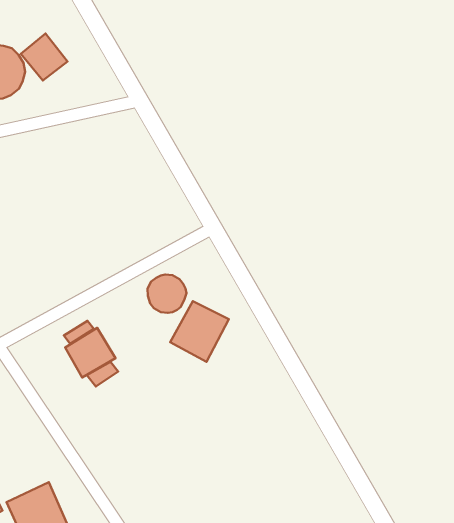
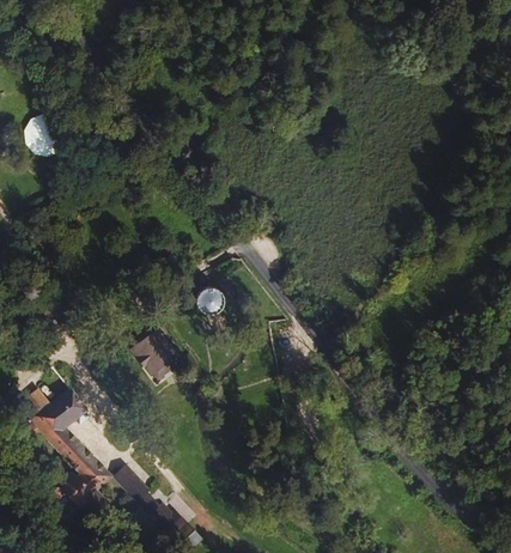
building: [21,34,67,80] -> none
building: [170,301,229,362] -> none

